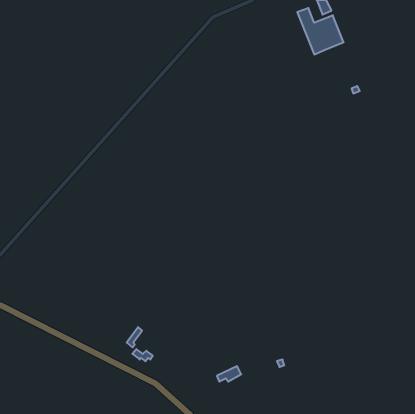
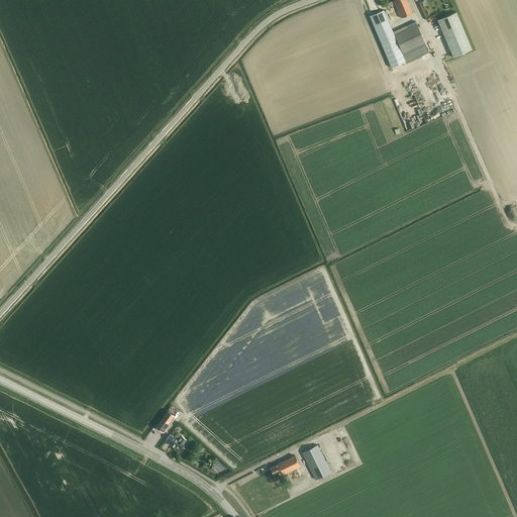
building: none -> [437,13,472,58]
building: none -> [302,446,330,480]

